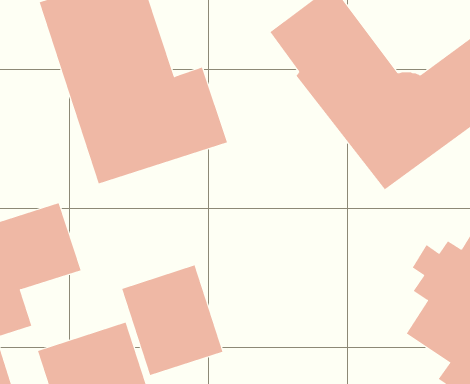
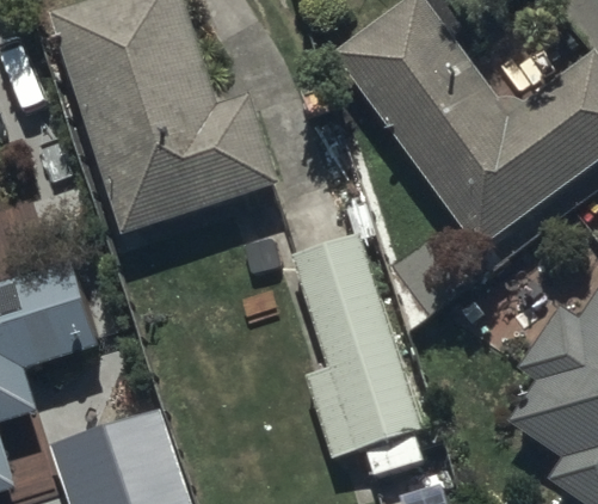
building: none -> [292,233,420,475]
building: [121,265,223,376] -> none

